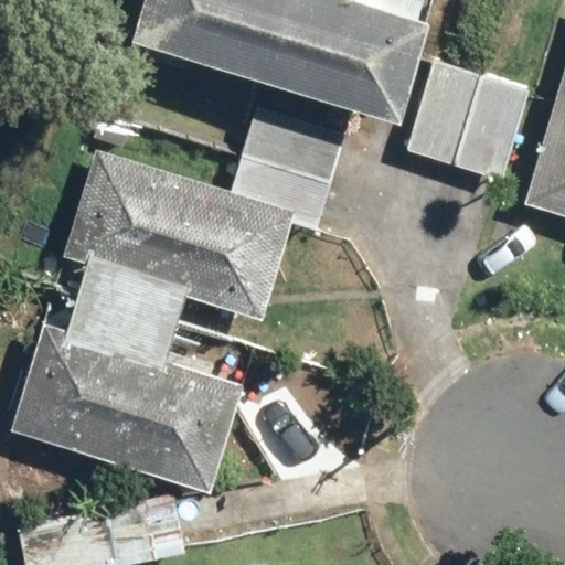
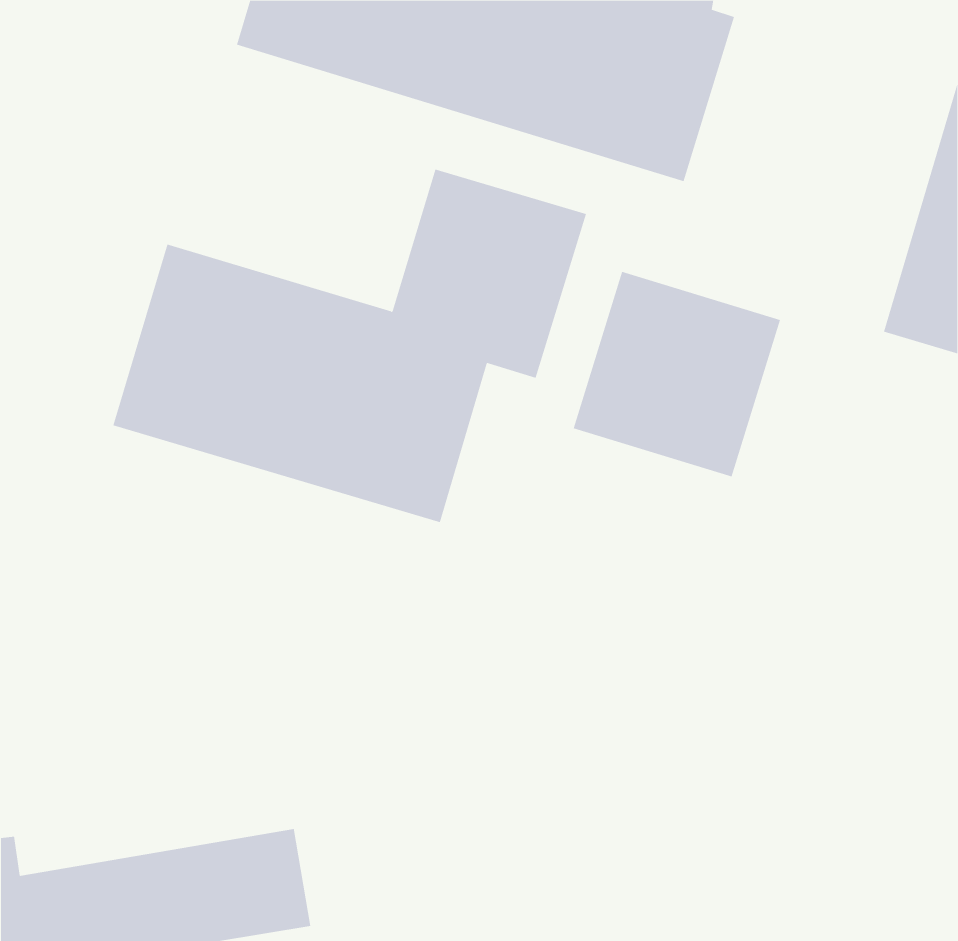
building: [405,61,527,182] -> [573,271,781,477]
building: [10,319,246,493] -> none

